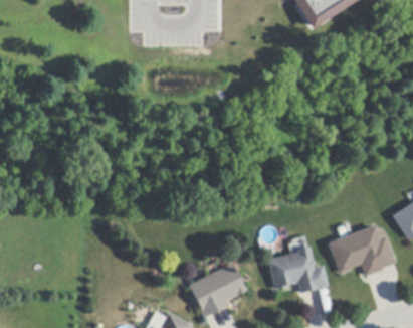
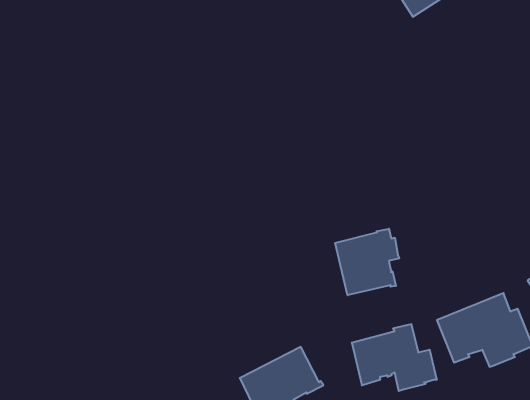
building: none -> [335,229,399,295]

